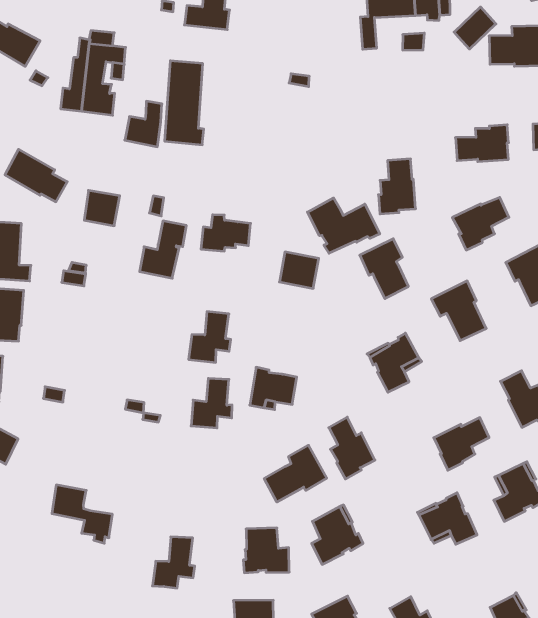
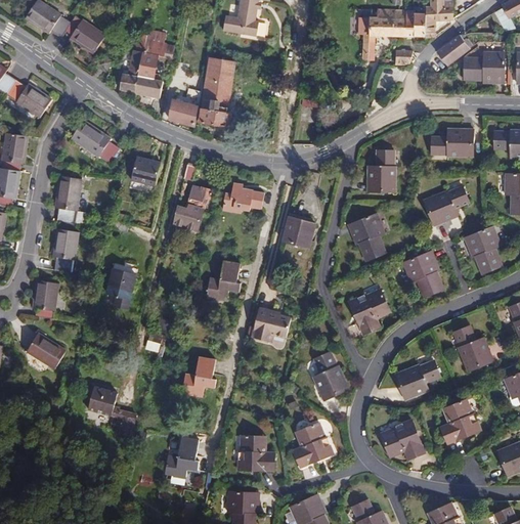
building: [307,198,380,253] -> none
building: none -> [105,263,137,309]
building: [191,378,232,428] -> [182,356,216,396]
building: [264,445,327,502] -> none

